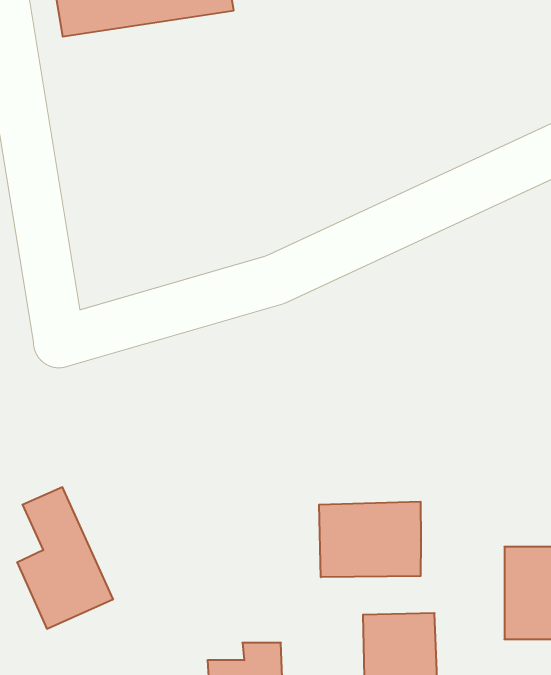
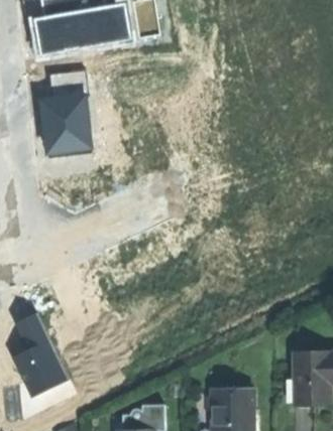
building: none -> [38,71,93,157]
building: [319,502,421,577] -> none

